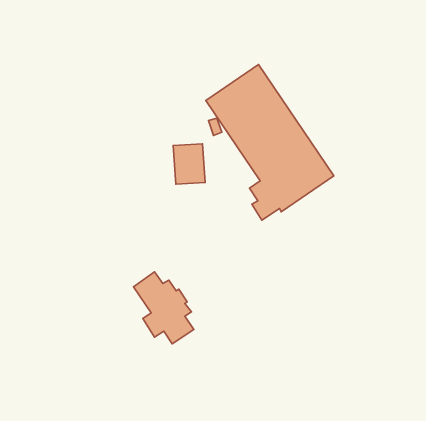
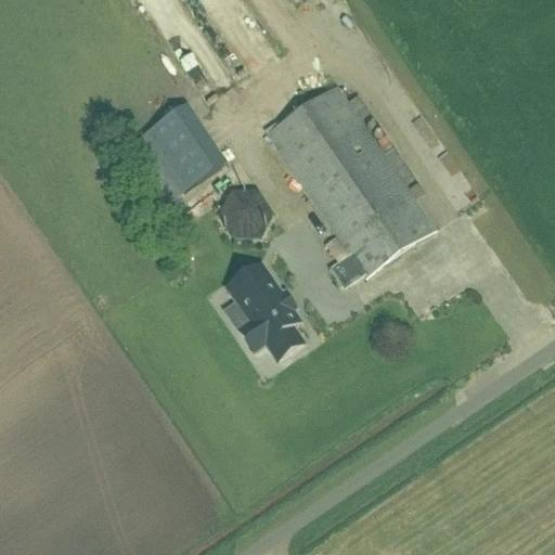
building: none -> [126,103,225,202]
building: [134,272,194,344] -> [225,267,304,360]

